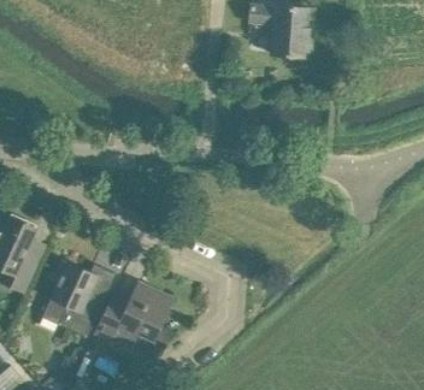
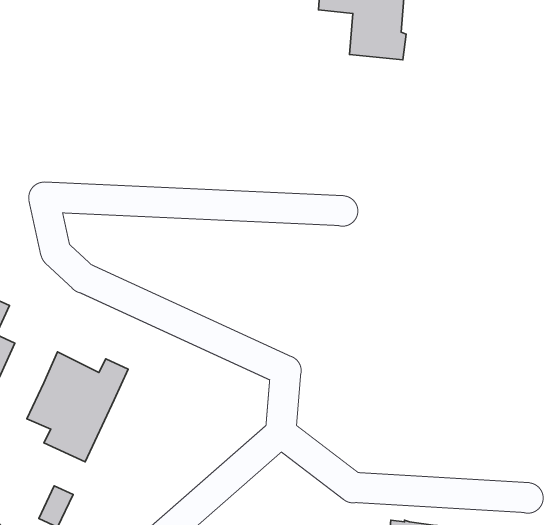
building: [95,284,176,347] -> none

